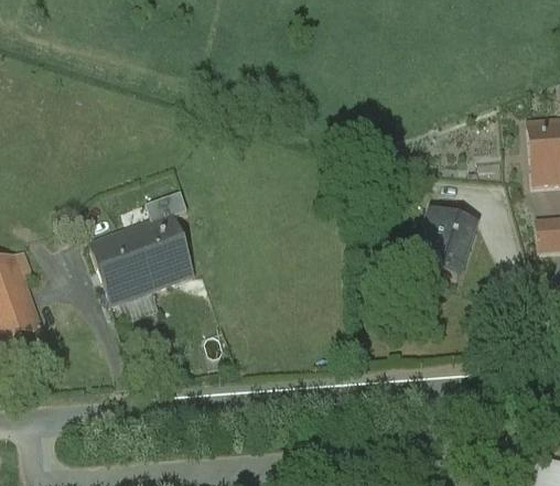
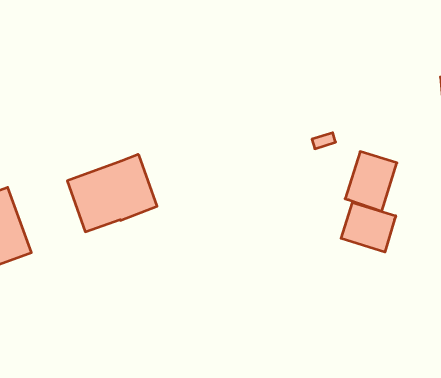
building: [147,192,187,220] -> none
building: none -> [341,203,396,252]

